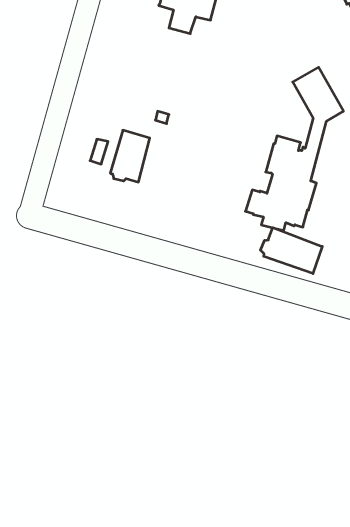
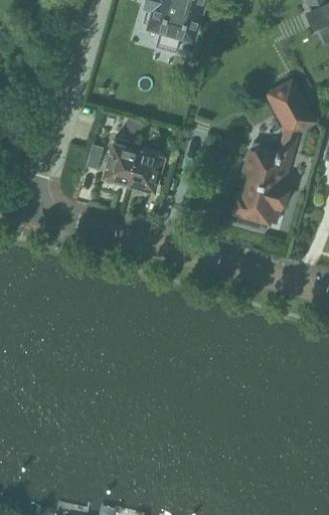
building: none -> [130,146,166,193]
building: [260,228,322,274] -> none

